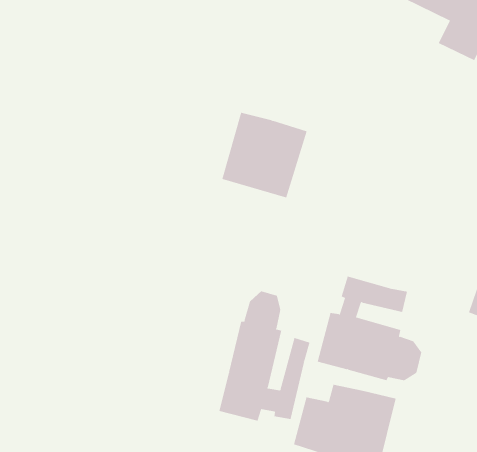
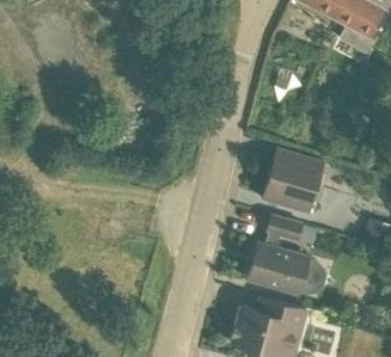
building: [221,112,307,198] -> [261,148,325,213]
building: [219,290,310,422] -> none

